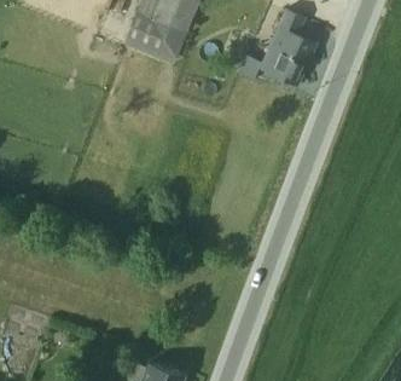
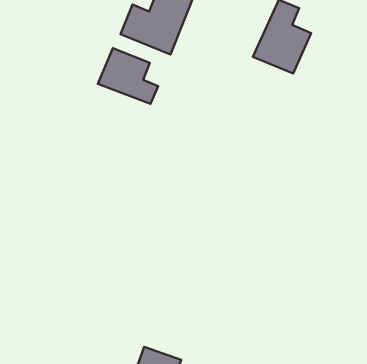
building: none -> [98,48,158,104]

